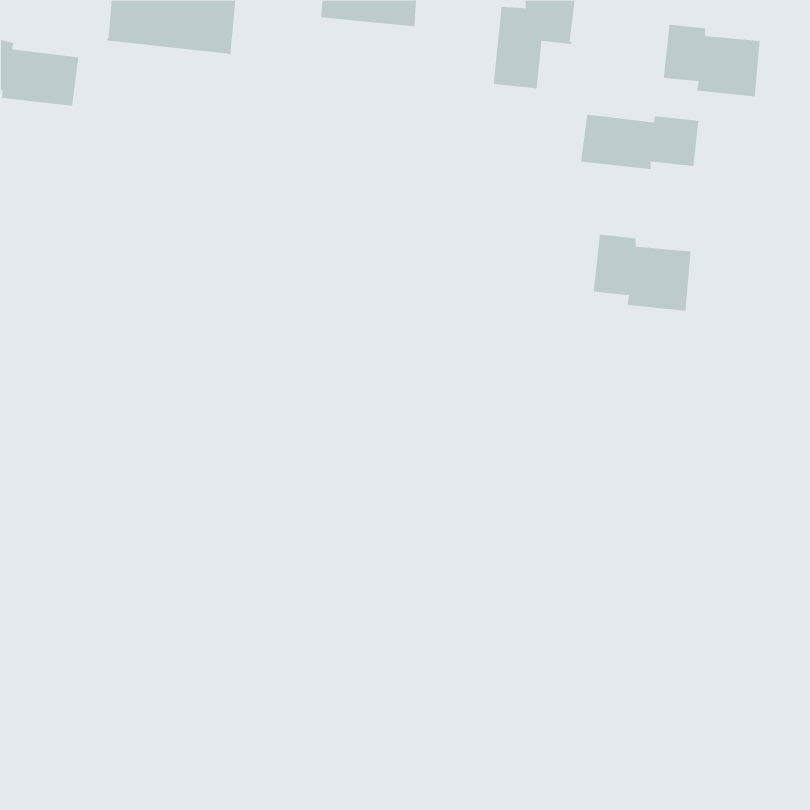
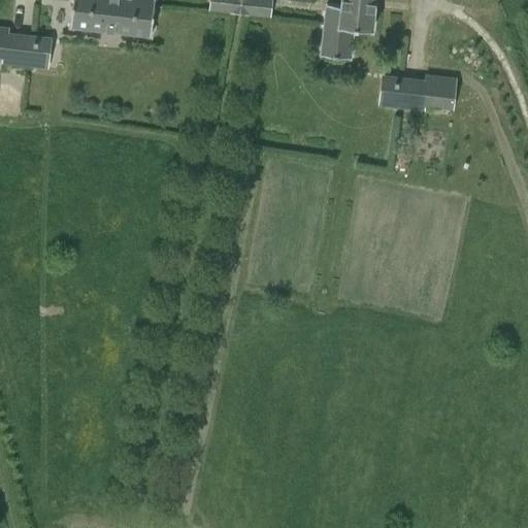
building: [663,24,760,97] -> none
building: [593,234,691,312] -> none

